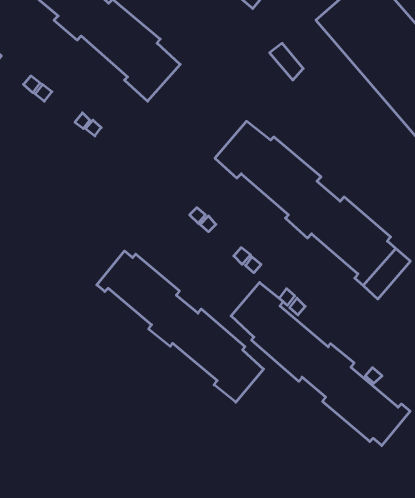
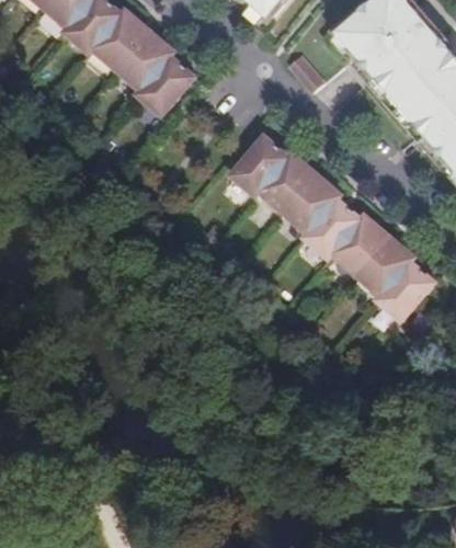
building: [97,251,264,402] -> none
building: [231,282,410,446] -> none

